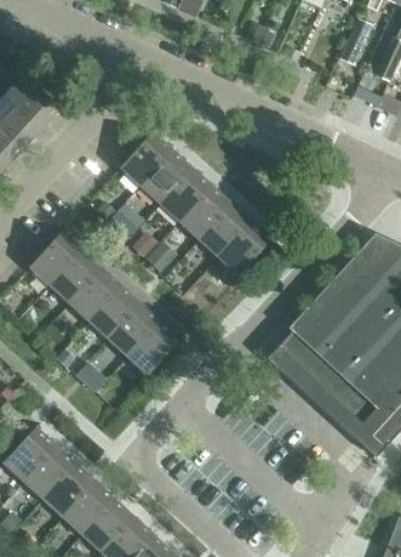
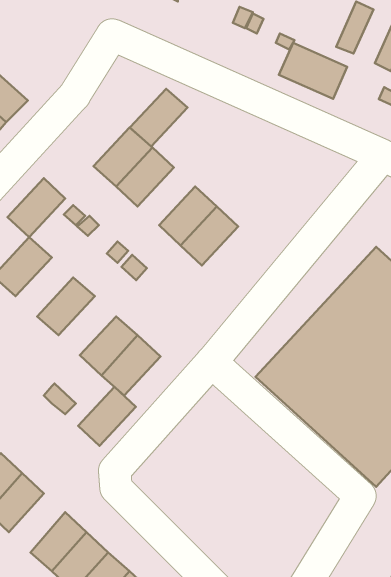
building: none -> [279,43,347,99]
building: [160,169,212,221] -> [130,89,188,146]
building: [218,222,271,275] -> none
building: [50,250,102,303] -> [8,178,65,237]
building: [88,285,141,339] -> [78,387,136,446]
building: [44,464,94,517] -> none

